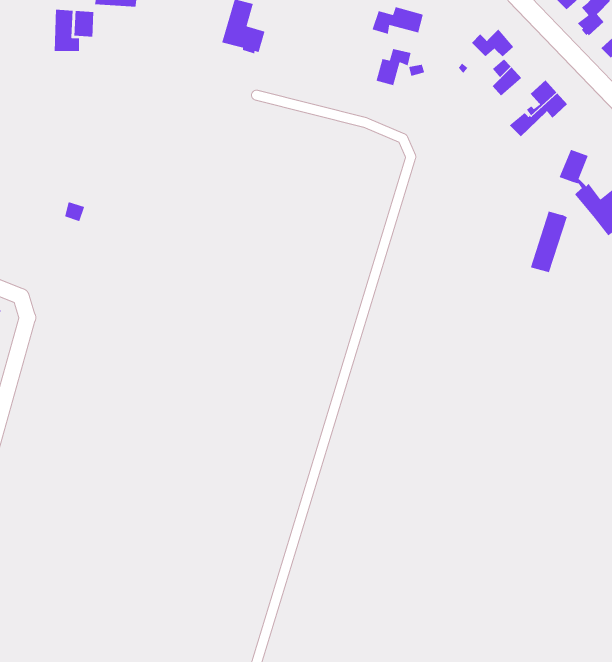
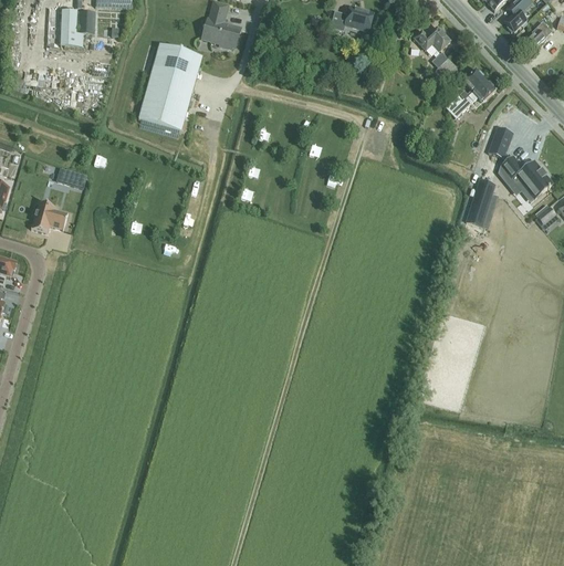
building: [375,48,411,86] -> none
building: none -> [138,43,201,132]
building: none -> [30,202,66,233]

